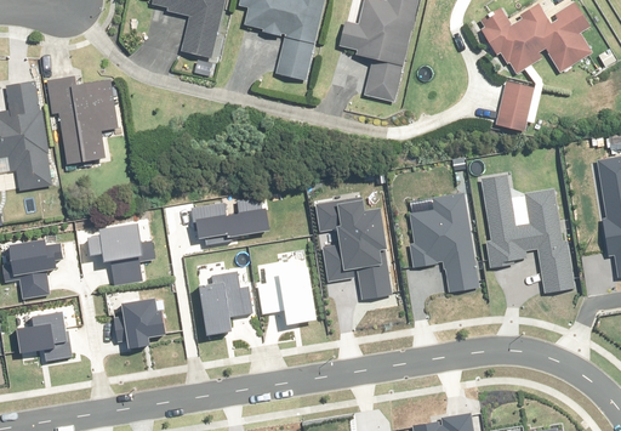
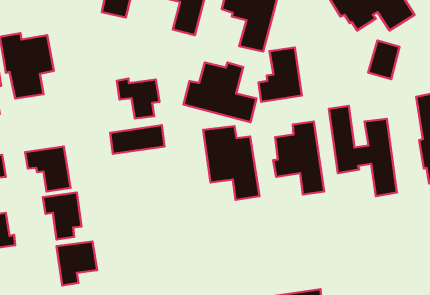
building: [495,80,536,131] -> [368,40,399,79]
building: none -> [259,48,302,102]
building: none -> [184,63,256,122]
building: none -> [117,79,160,119]
building: [262,262,314,325] -> none
building: [194,274,247,333] -> [57,241,97,286]

